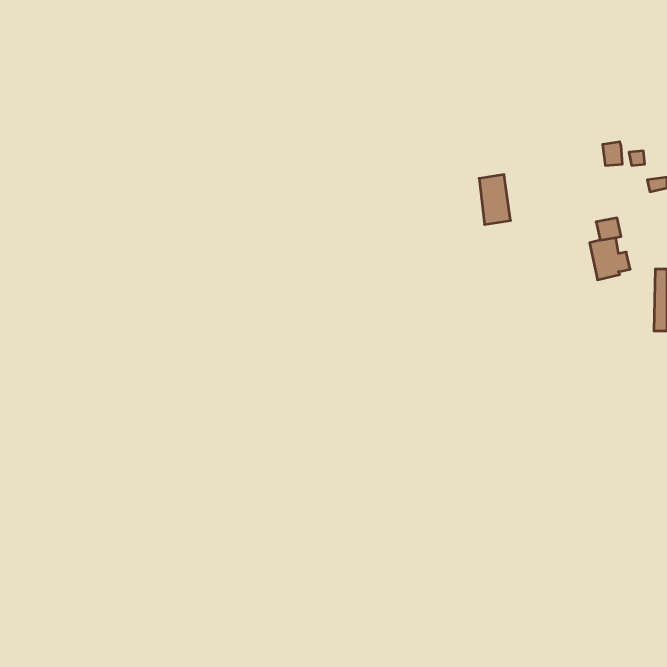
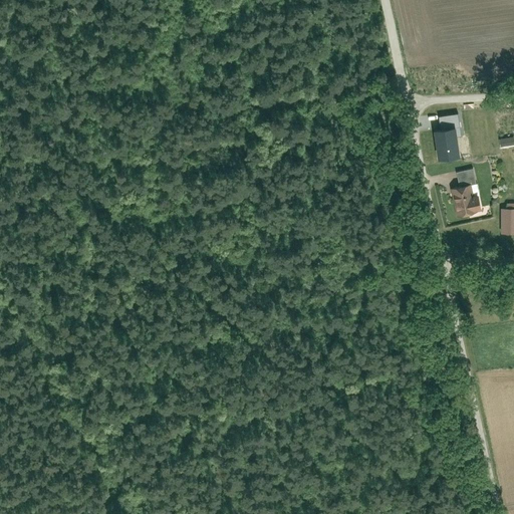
building: [479,175,511,224] -> [436,122,460,161]

